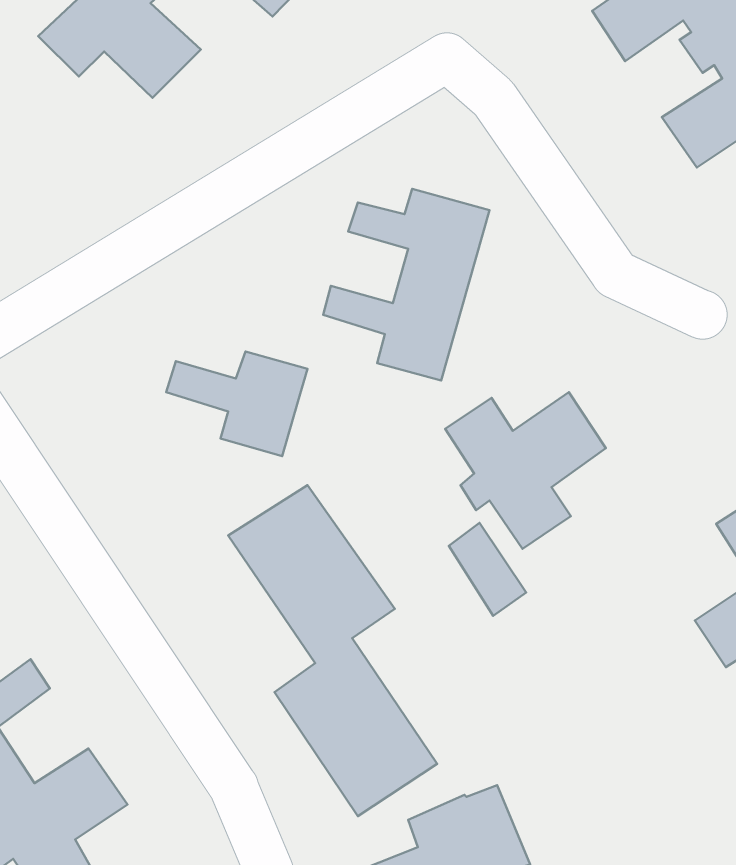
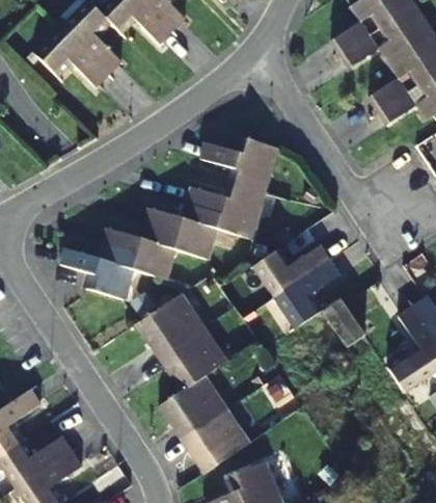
building: none -> [145,202,220,257]
building: none -> [61,243,136,298]
building: [449,523,526,616] -> [323,296,364,346]

